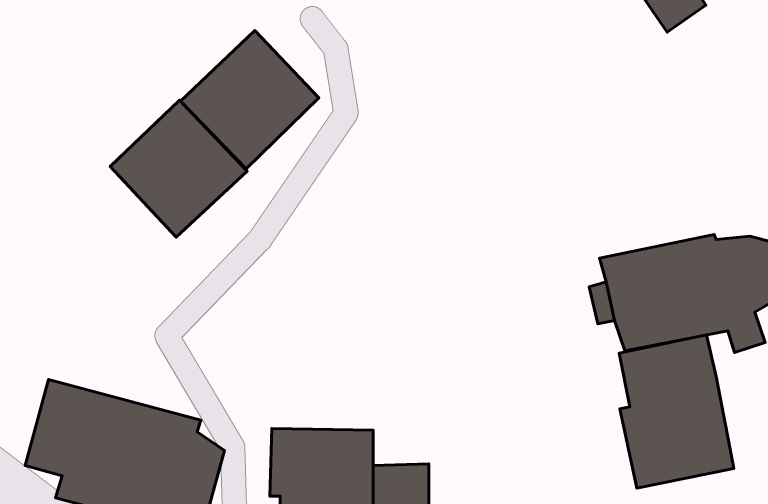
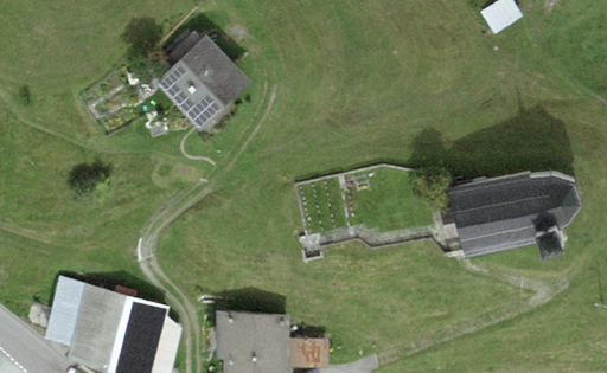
building: [110,100,247,237] -> none
building: [619,335,734,488] -> none

